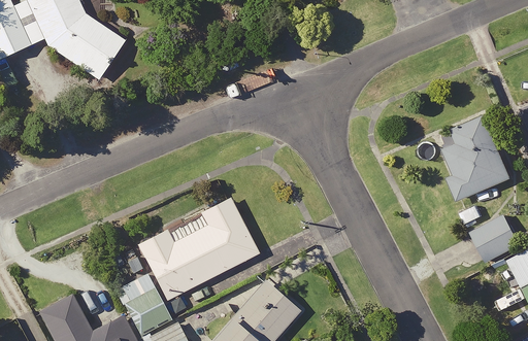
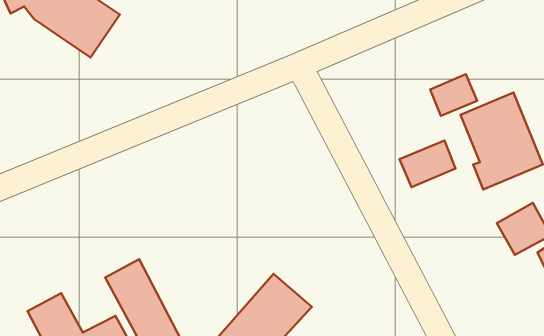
building: none -> [430,74,477,116]
building: none -> [399,141,455,187]
building: [140,200,258,300] -> none

